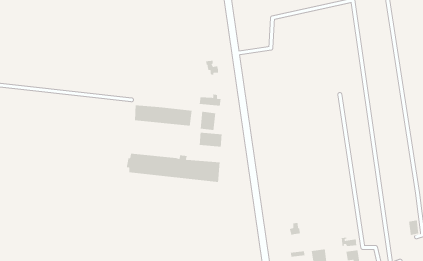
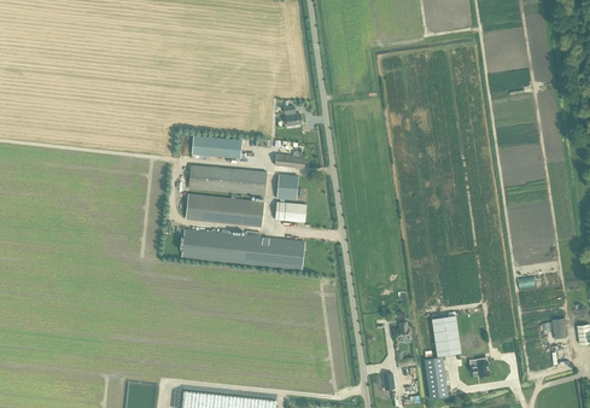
building: none -> [189,135,241,159]
building: none -> [185,194,263,227]
building: none -> [431,315,460,356]

